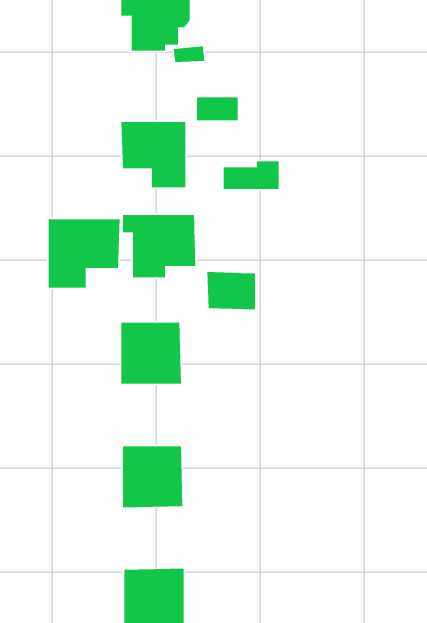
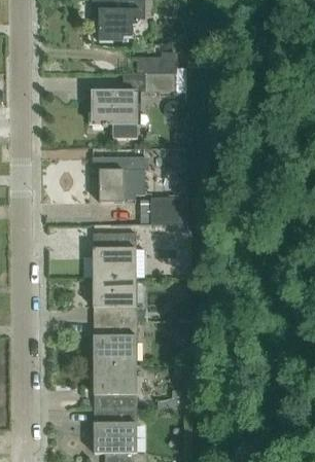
building: [223,161,280,190] -> [137,51,177,72]
building: [48,218,121,289] -> none
building: none -> [92,278,135,321]
building: none -> [93,364,137,408]

